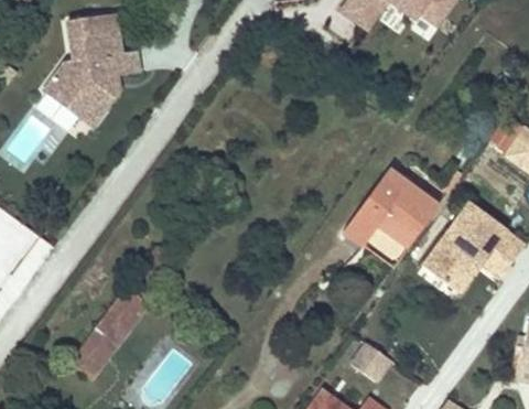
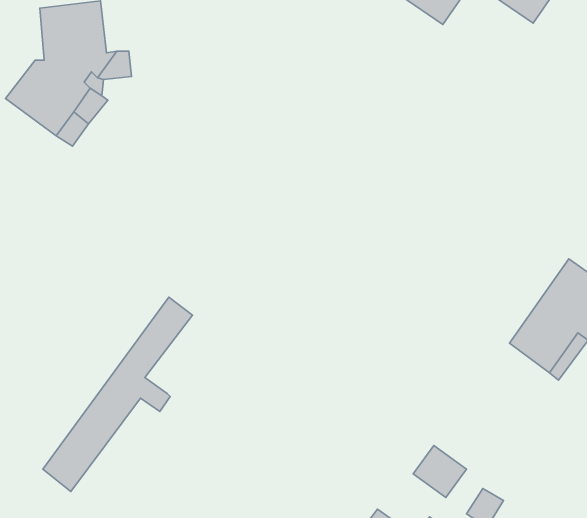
building: [342,170,435,269] -> none

